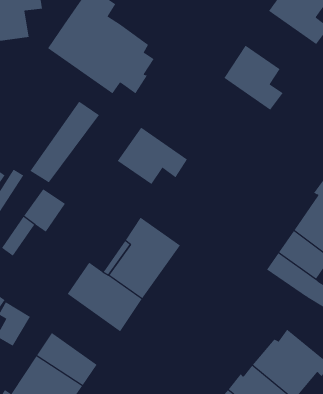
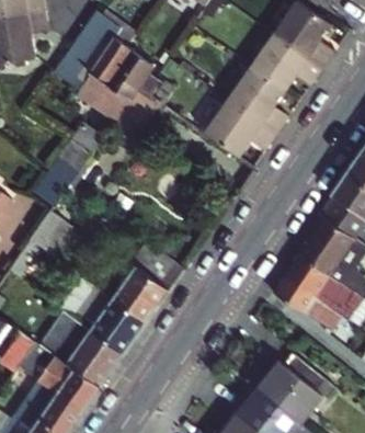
building: none -> [251,34,322,92]
building: [117,127,188,185] -> [205,101,276,159]
building: none -> [39,310,126,388]

